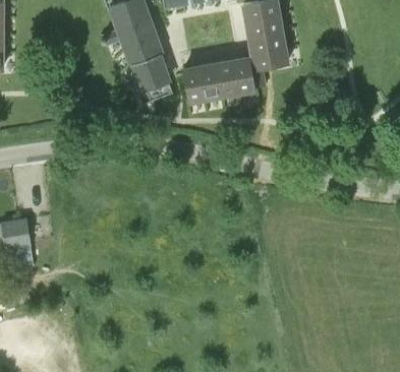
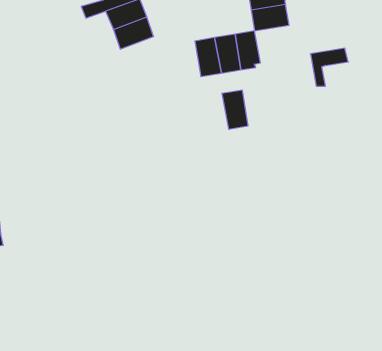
building: [253,52,287,85] -> [310,48,348,86]
building: [134,62,173,104] -> none
building: [182,66,206,101] -> [222,90,248,129]

